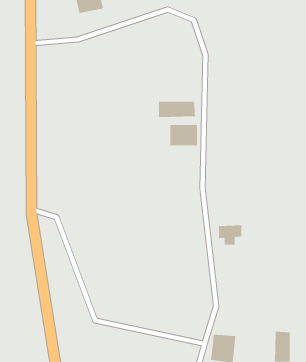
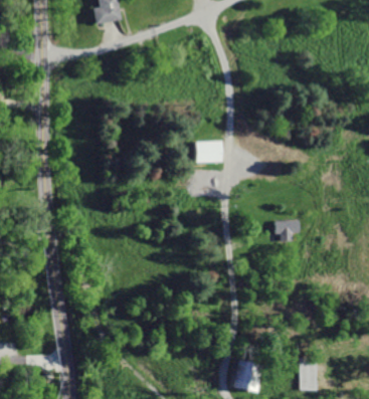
building: [158,101,196,118] -> none
building: [218,225,242,245] -> [276,219,302,240]

